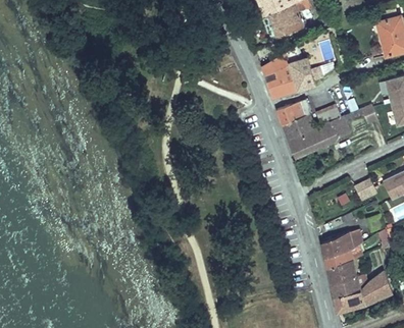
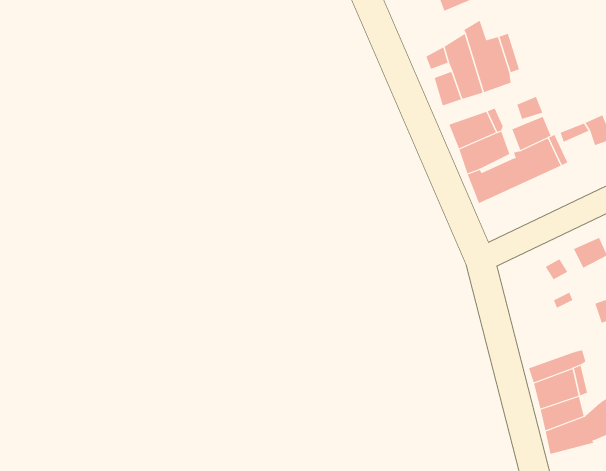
building: [322,228,363,259] -> none

